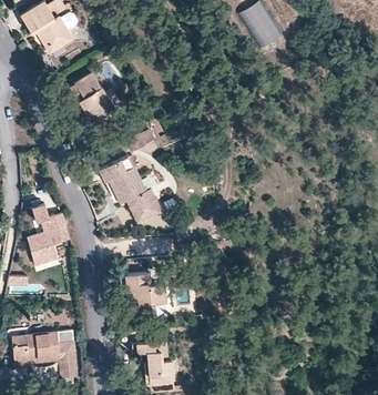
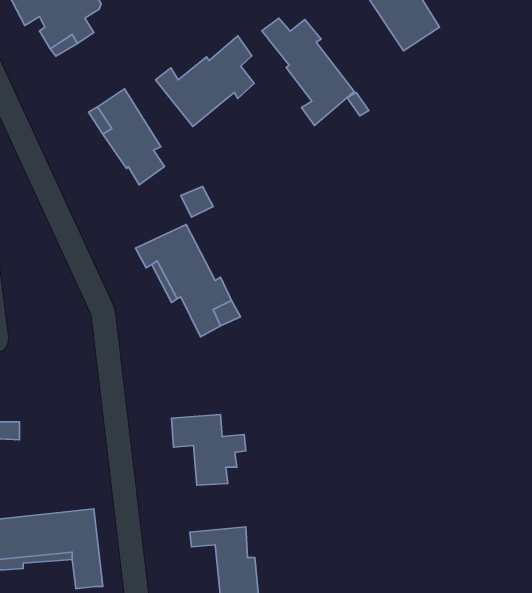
building: none -> [262,18,354,126]
building: none -> [156,36,254,127]
building: [28,205,71,266] -> none

